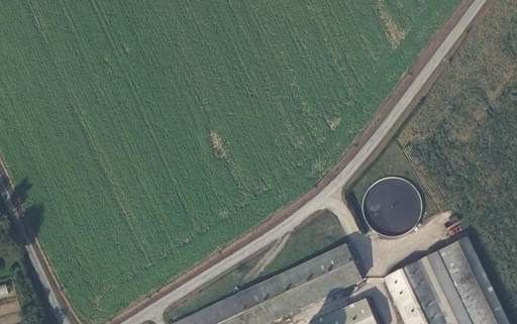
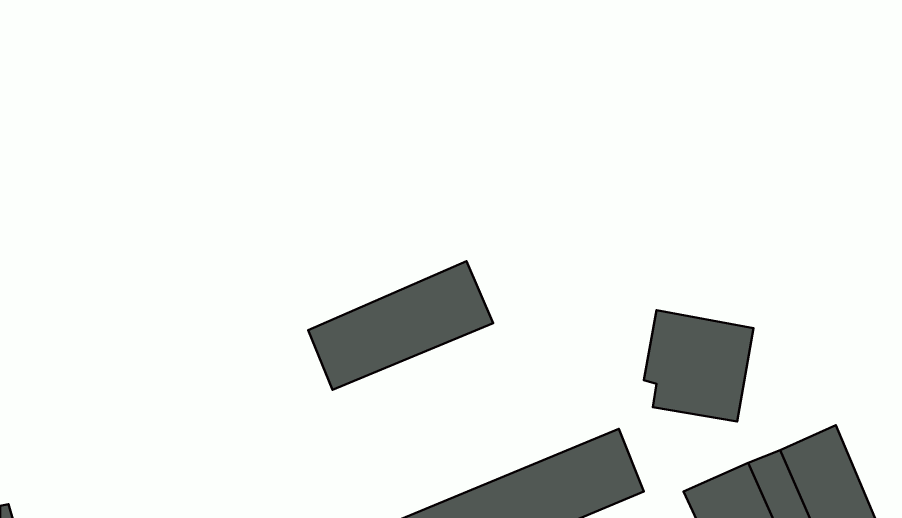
building: none -> [308,261,493,390]

